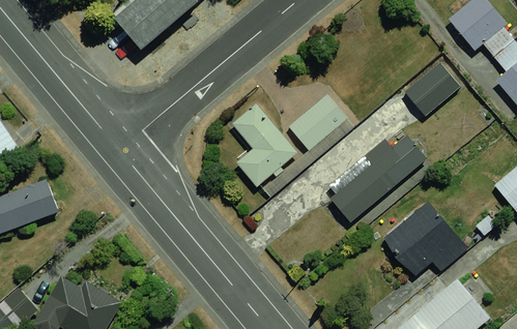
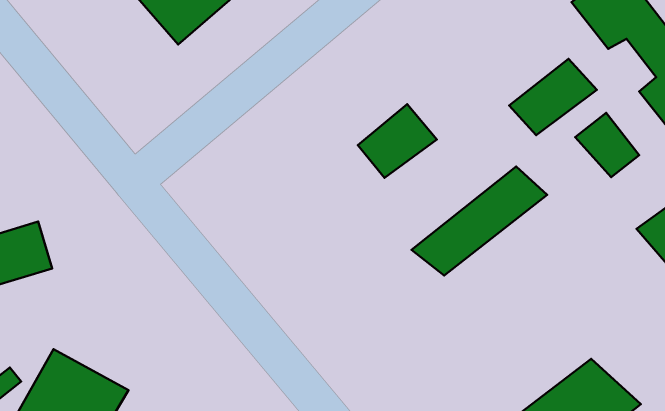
building: none -> [575,113,639,177]
building: [230,103,296,189] -> none
building: [381,200,462,280] -> none

